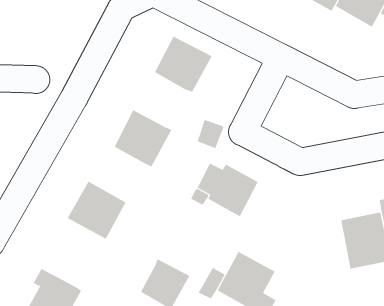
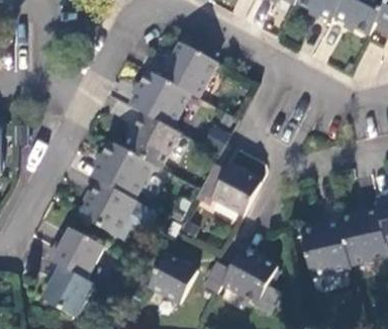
building: none -> [131,70,192,129]
building: none -> [93,141,155,199]
building: none -> [301,223,352,277]
building: none -> [48,229,105,279]

